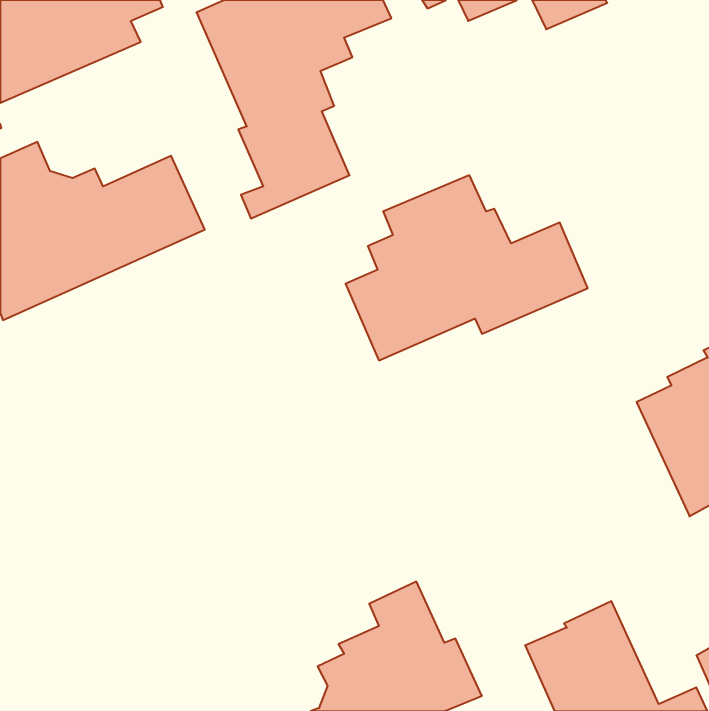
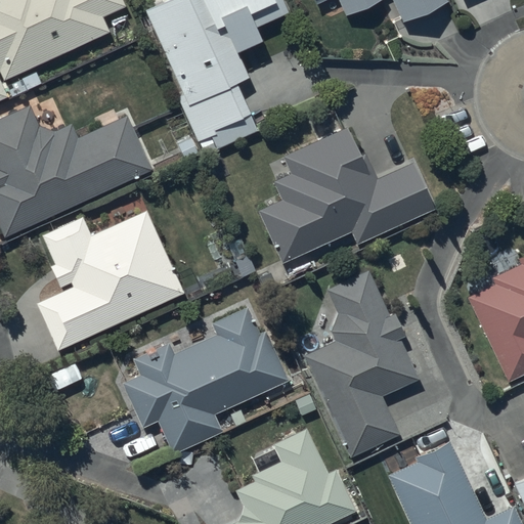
building: none -> [35,211,183,351]
building: none -> [306,271,417,453]
building: none -> [123,307,288,455]

